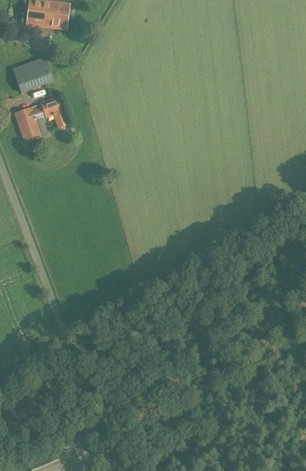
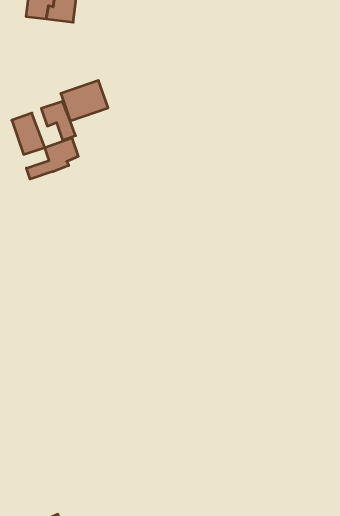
building: [13,58,53,92] -> [61,81,108,121]
building: none -> [26,138,78,179]

